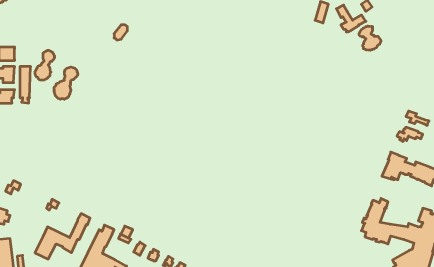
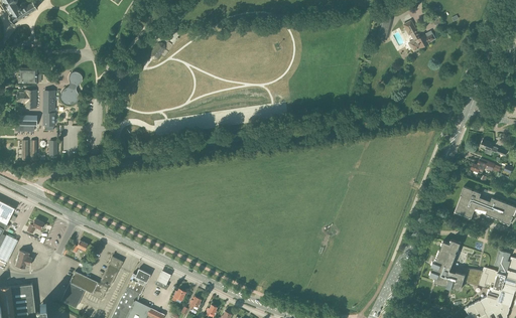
building: [359,26,381,50] -> none
building: [54,67,78,99] -> none

